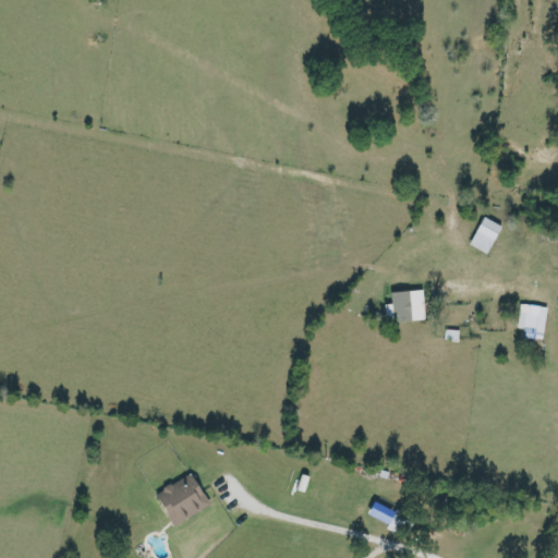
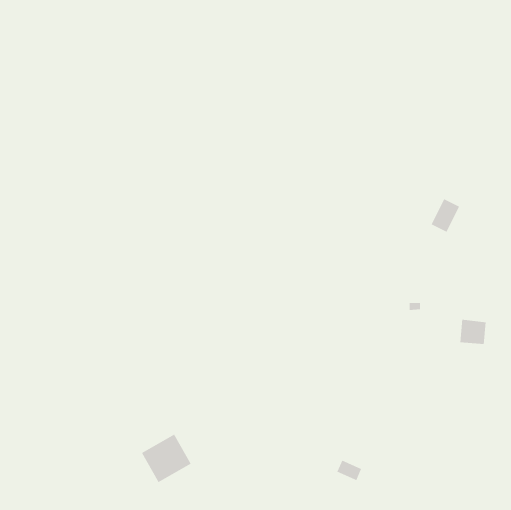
building: [391,290,424,320] -> none
building: [518,303,547,330] -> [459,319,486,344]

